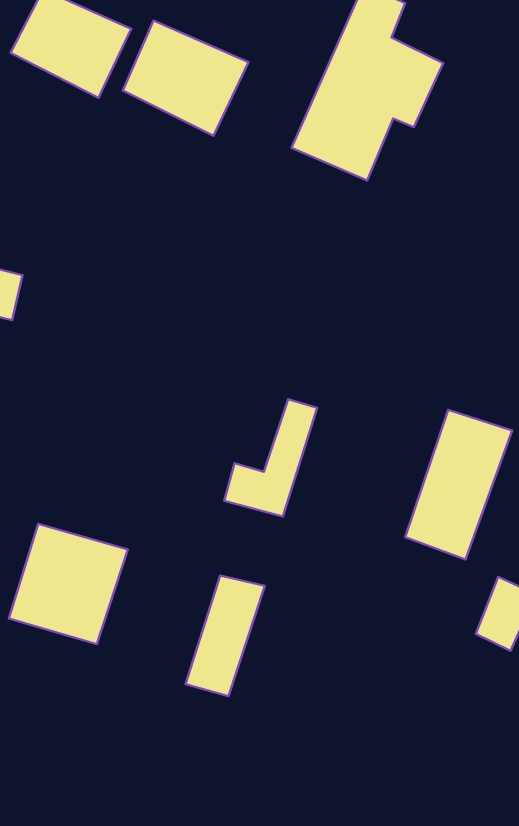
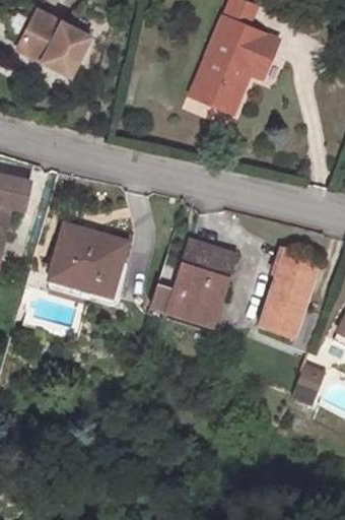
building: [123,20,249,136] -> none
building: [9,524,128,644] -> [50,223,120,295]
building: [186,575,265,696] -> [186,250,232,321]

